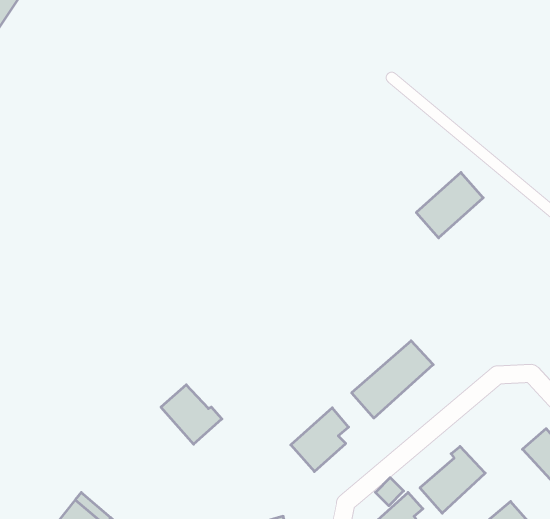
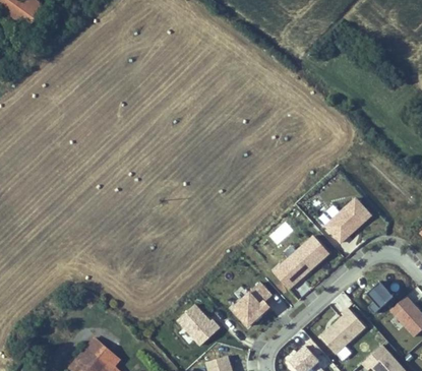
building: [416,172,483,238] -> [325,197,371,242]
building: [161,385,222,444] -> [177,304,219,345]
building: none -> [368,281,395,313]

